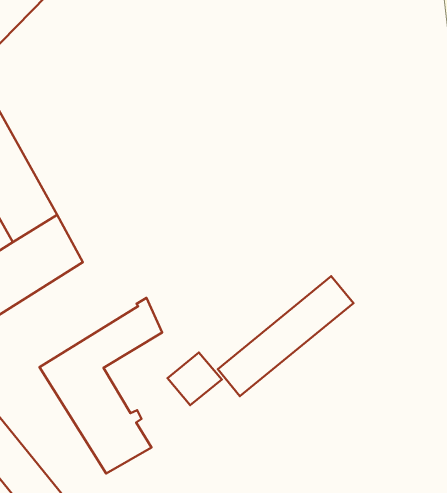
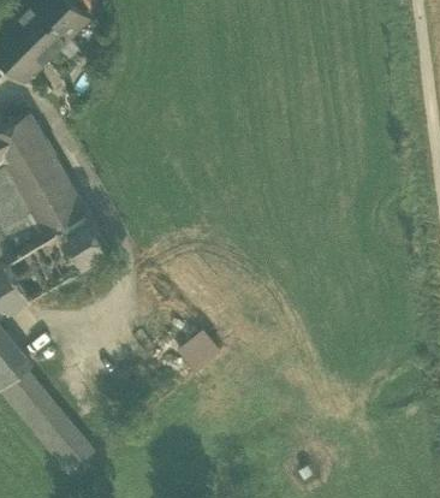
building: [218,276,353,396] -> none
building: [40,298,162,474] -> none

